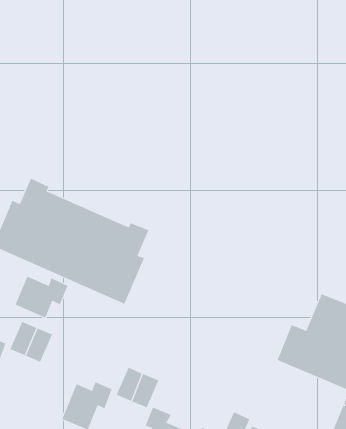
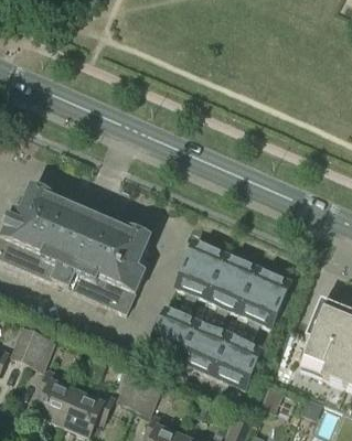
building: none -> [175,238,292,326]
building: [15,276,68,318] -> none
building: none -> [149,304,264,387]
building: none -> [36,367,78,424]

